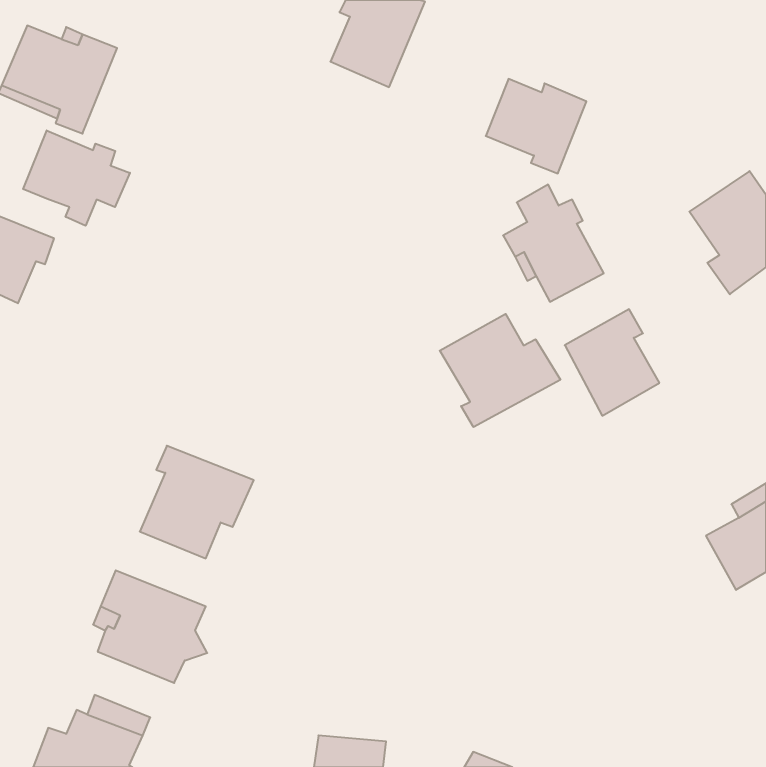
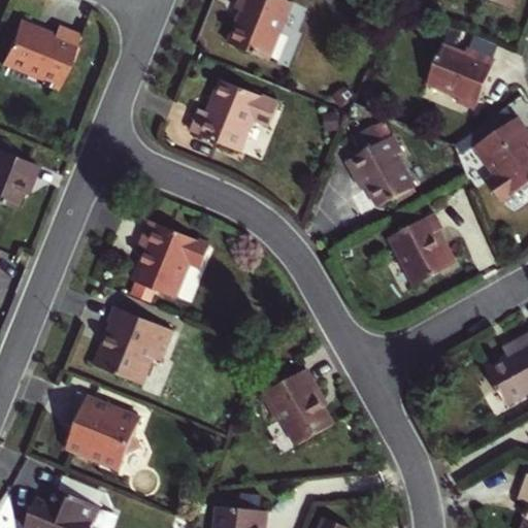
building: [486,79,586,173] -> [426,44,495,109]
building: none -> [190,78,278,152]
building: [23,130,130,226] -> none
building: [440,314,560,427] -> none
building: none -> [135,221,209,297]
building: none -> [263,368,333,443]

